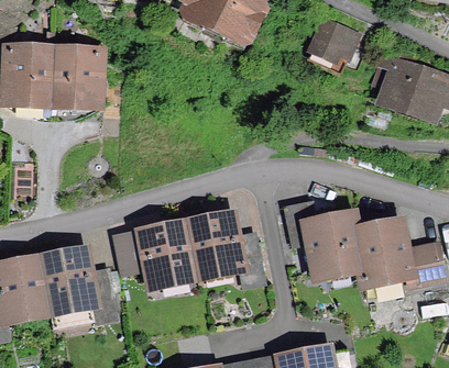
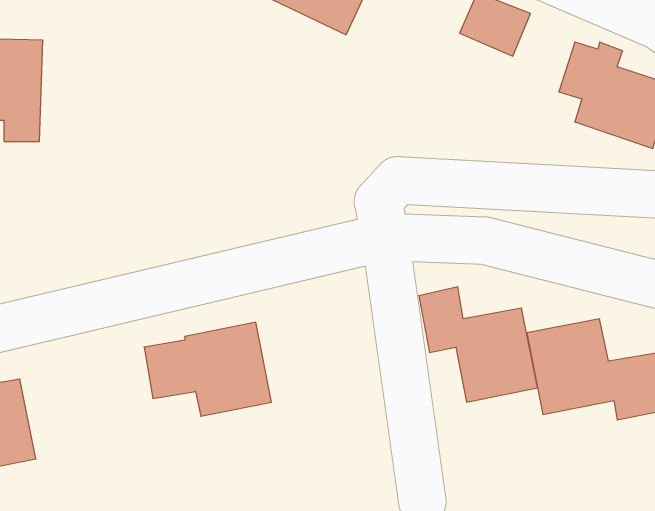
building: [52,48,99,112] -> none
building: [186,214,263,282] -> none
building: [40,249,116,322] -> none

